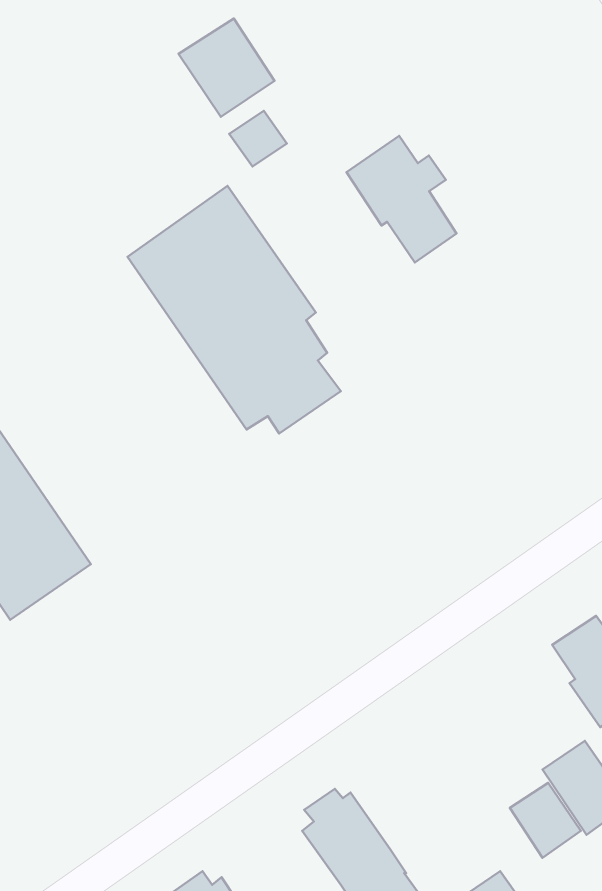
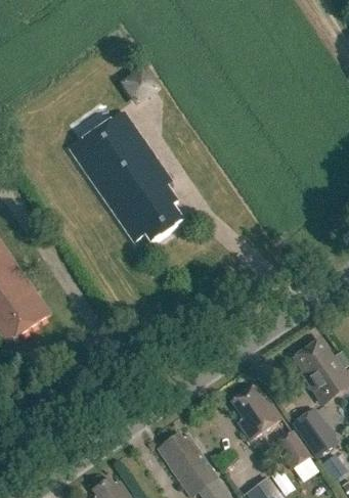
building: [178,19,274,117] -> none
building: [347,136,456,262] -> none
building: none -> [231,384,281,436]

